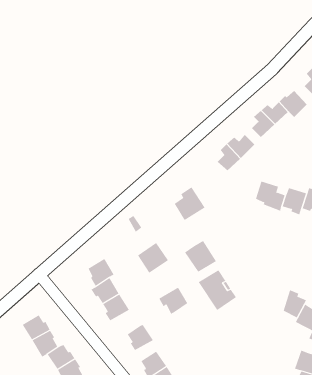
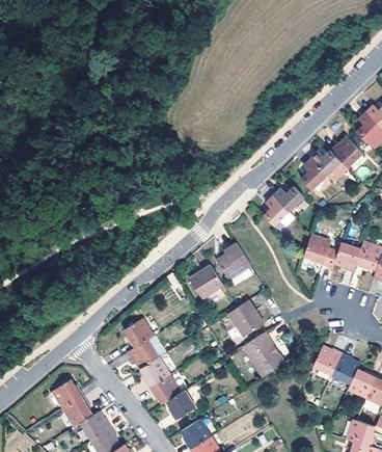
building: [137,242,169,274] -> [191,264,225,298]
building: none -> [315,347,343,376]
building: [158,287,188,315] -> [147,375,180,405]

